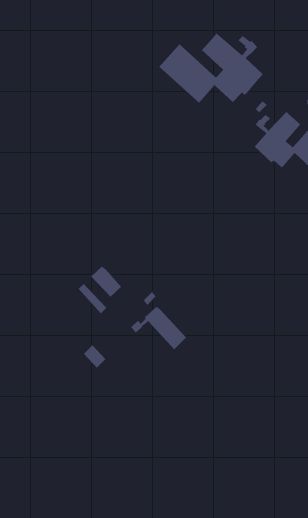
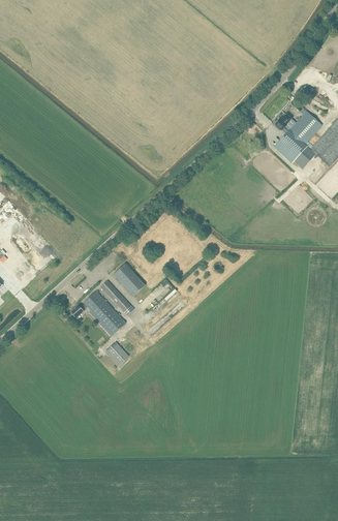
building: [158,33,263,104] -> none
building: [130,306,187,350] -> [69,290,125,334]

